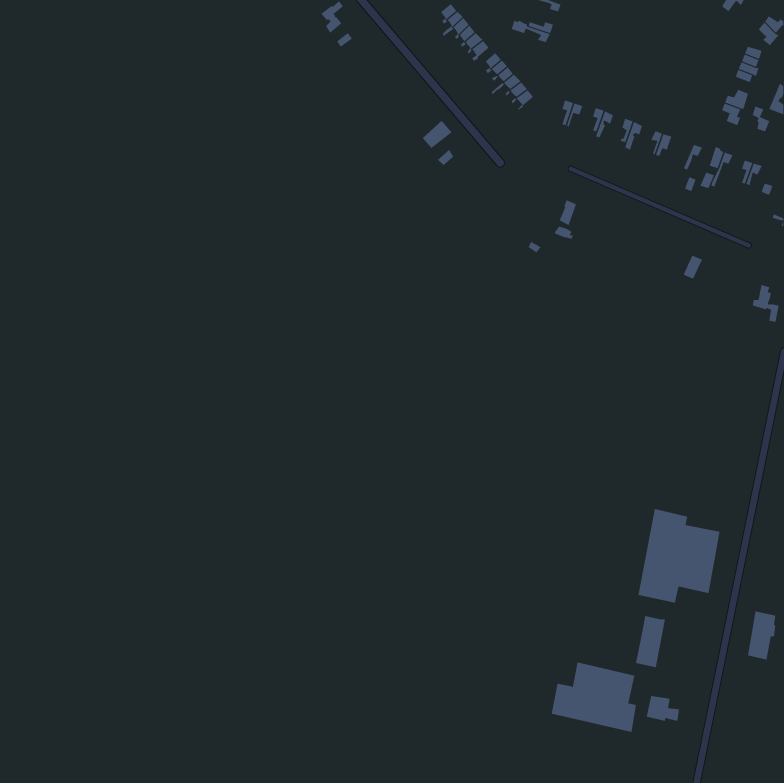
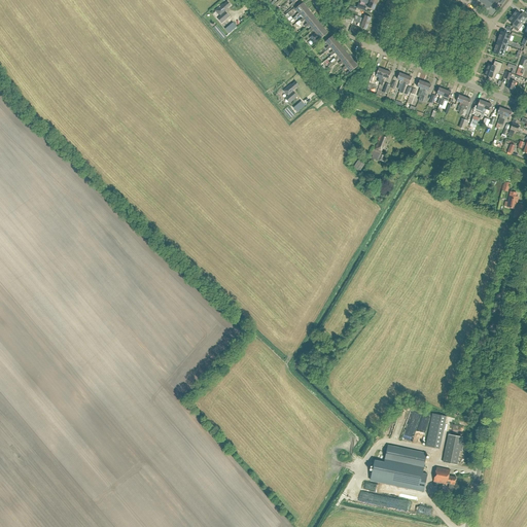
building: [638,508,720,604] -> none
building: [747,611,776,660] -> [444,432,463,465]

